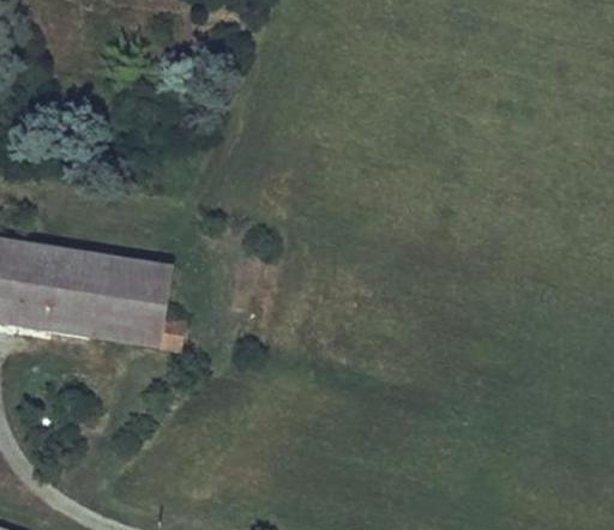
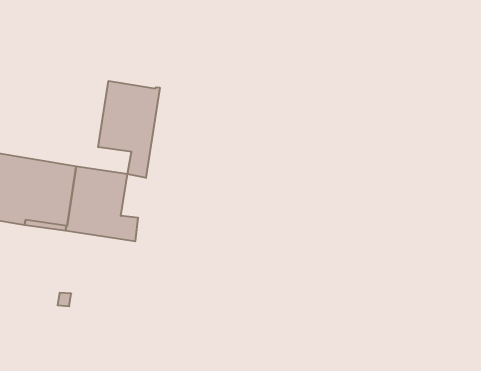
building: none -> [98,81,160,178]

